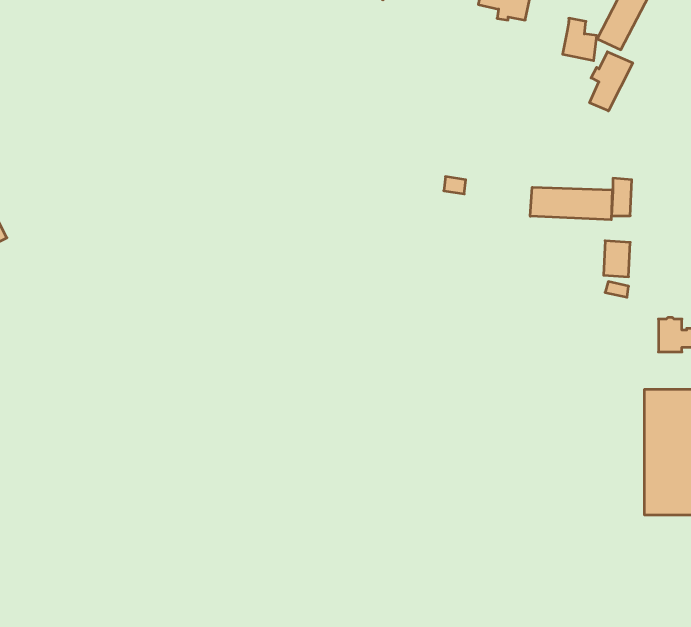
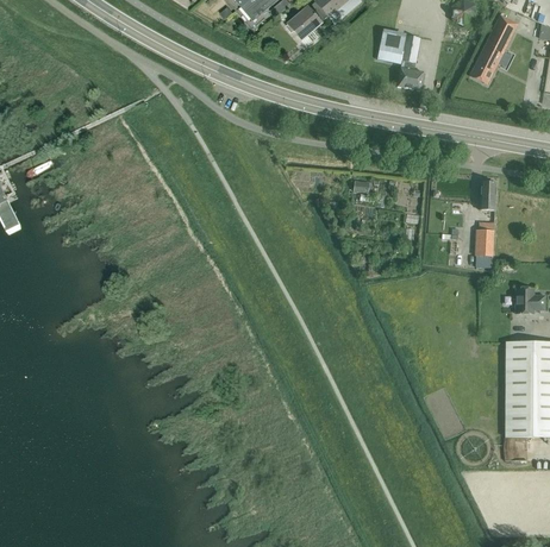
building: [563,18,597,61] -> [396,57,423,89]
building: [590,52,633,111] -> none
building: [530,187,612,220] -> none

